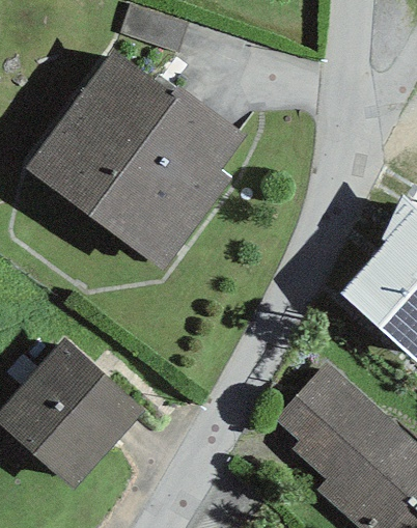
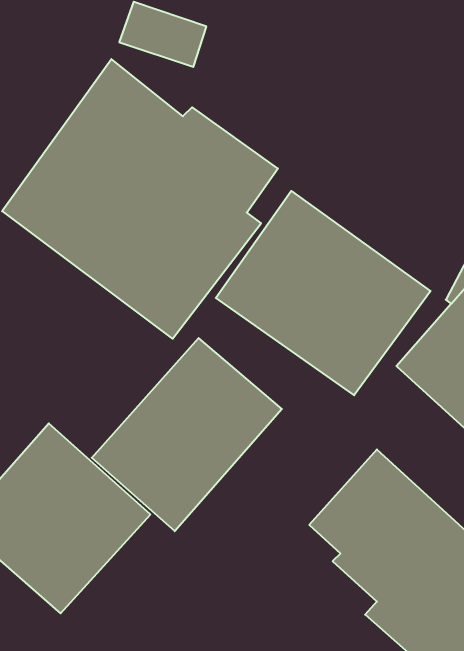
building: none -> [216,191,431,395]
building: none -> [92,338,282,531]

